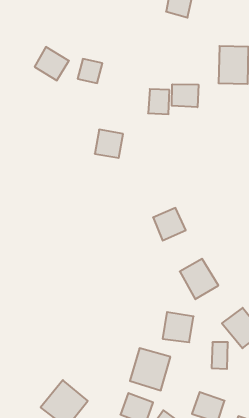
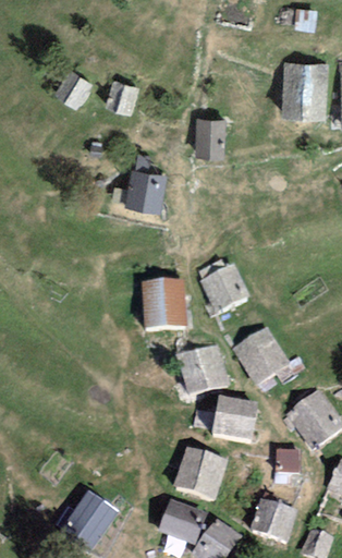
building: [172,84,198,107] -> none
building: none -> [142,277,186,324]
building: none -> [181,347,225,392]

